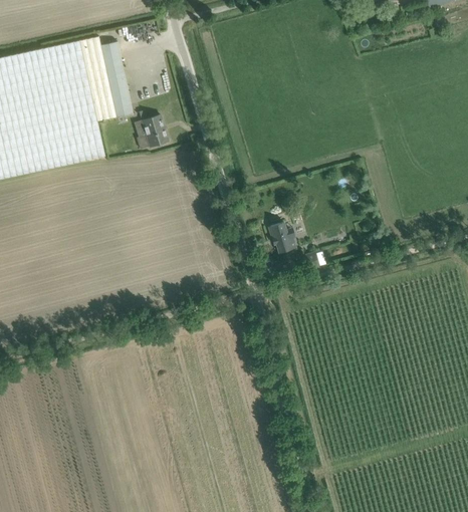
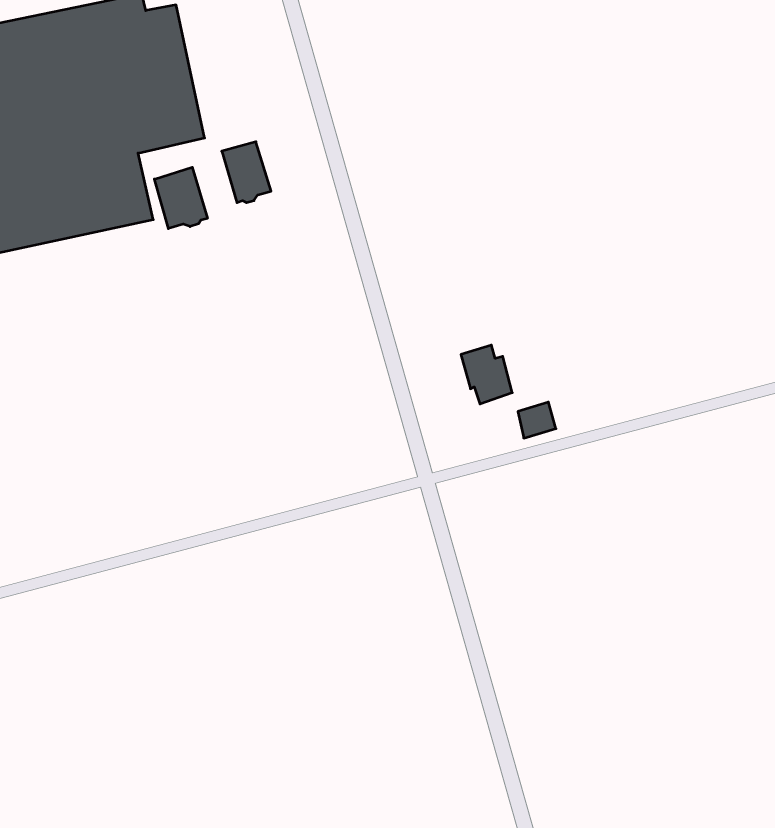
building: none -> [154,167,207,229]

